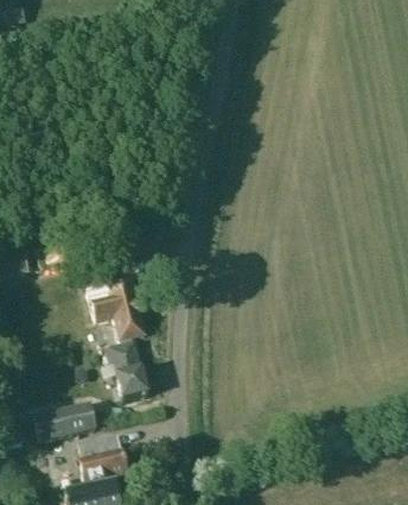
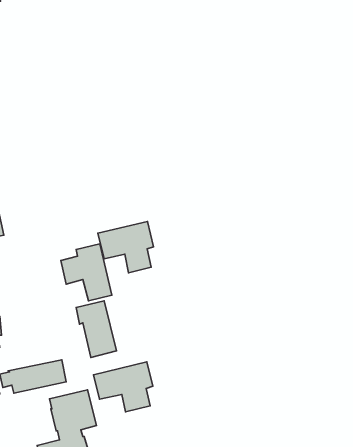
building: none -> [98,222,153,273]
building: none -> [93,362,153,412]

